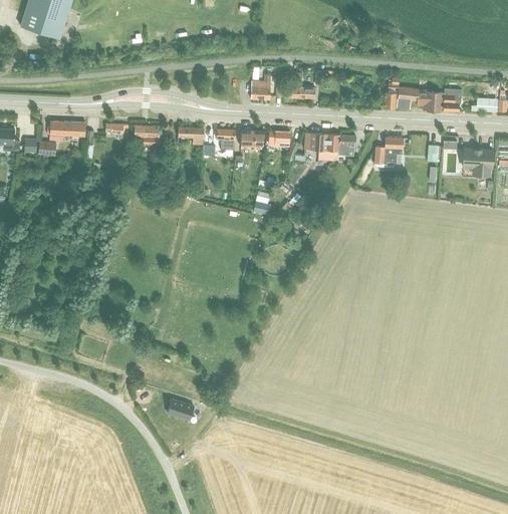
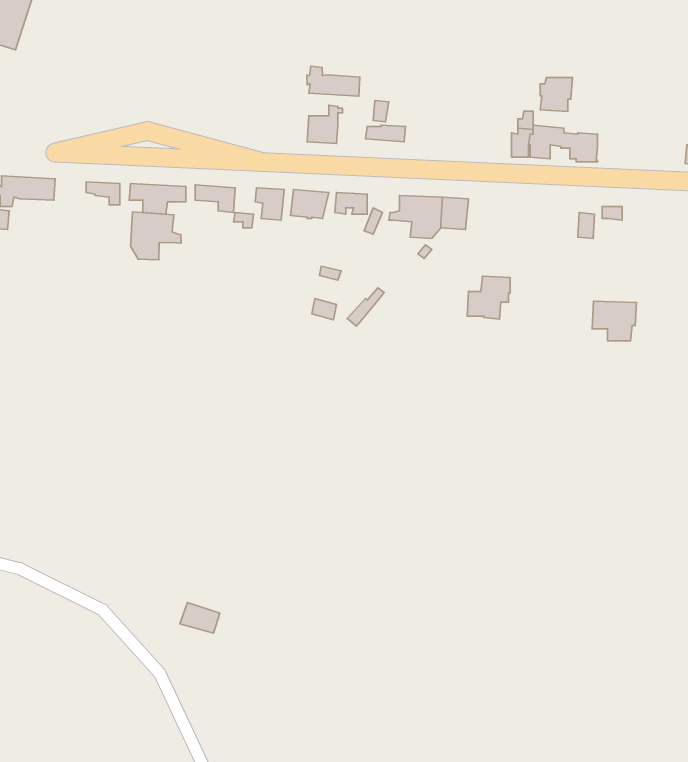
building: none -> [307,66,360,96]
building: [440,88,461,110] -> [540,78,573,111]
building: [374,137,403,165] -> [467,276,510,319]
building: none -> [130,212,181,260]
building: [463,149,492,175] -> [592,301,637,341]

